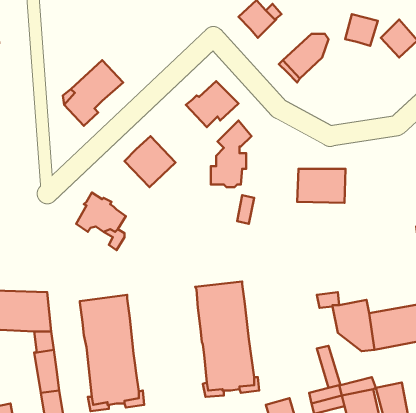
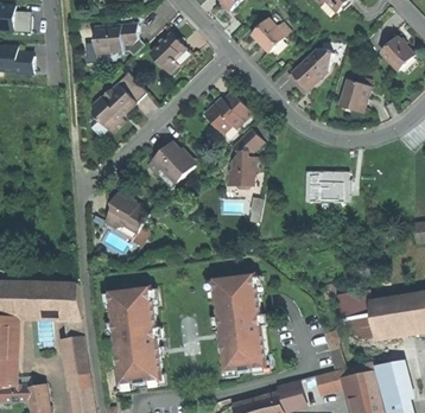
building: none -> [94,24,142,56]
building: [345,14,378,46] -> [340,77,369,106]
building: none -> [148,32,191,72]

